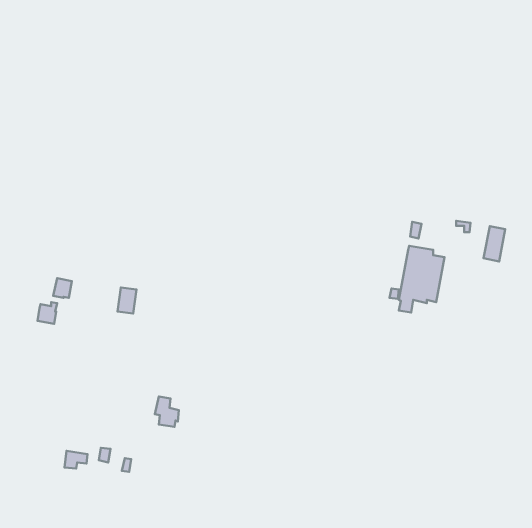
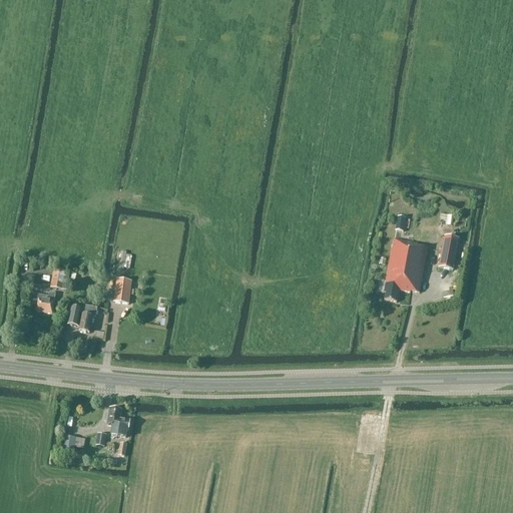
building: [483,226,505,261] -> [438,233,459,268]
building: none -> [67,301,93,332]
building: [155,396,179,427] -> [106,406,129,435]

